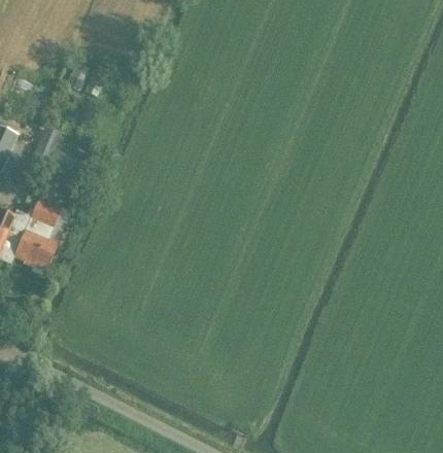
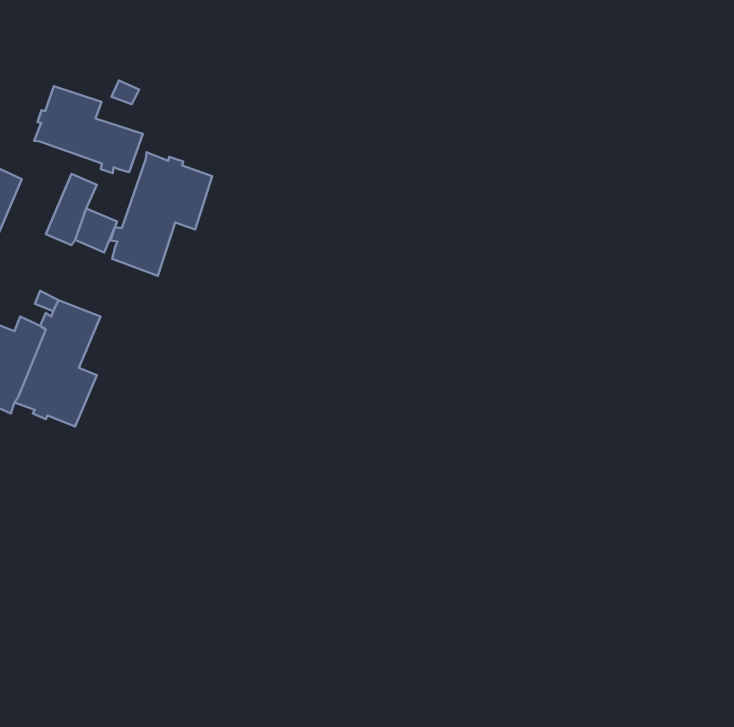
building: none -> [34,86,143,173]
building: none -> [110,152,212,276]

